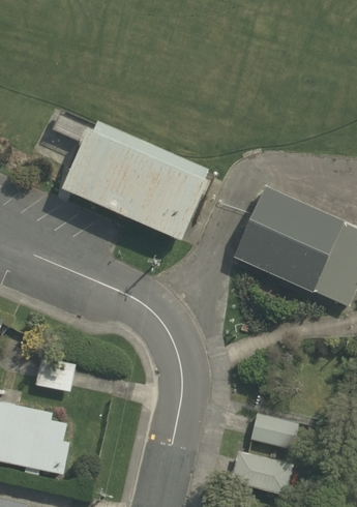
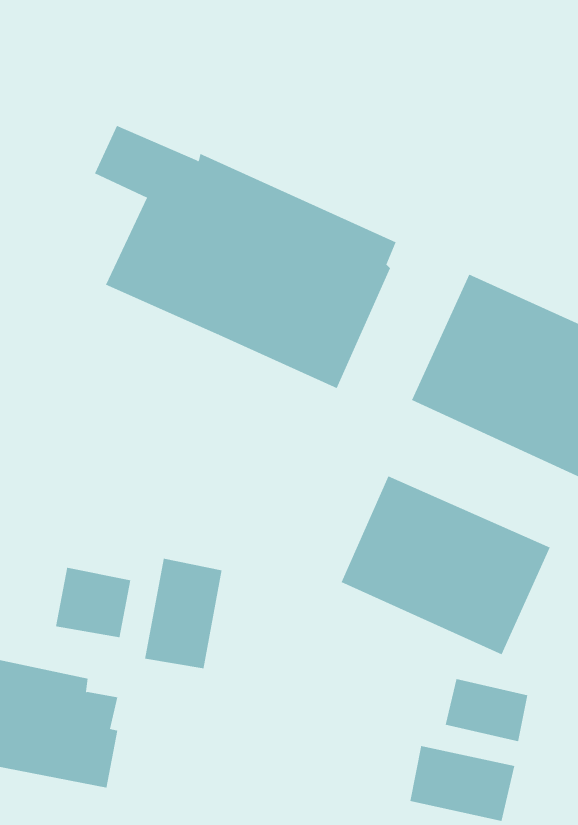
building: none -> [341,475,551,655]
building: none -> [145,558,222,669]

